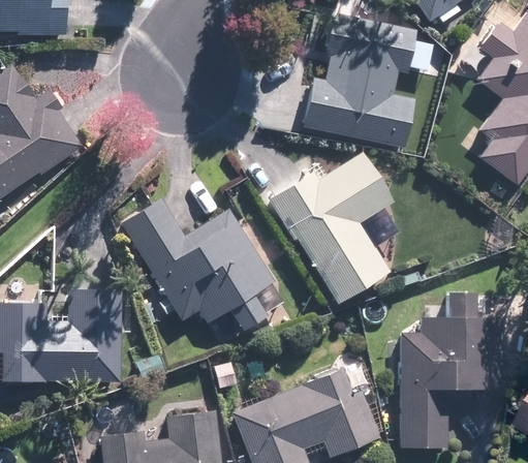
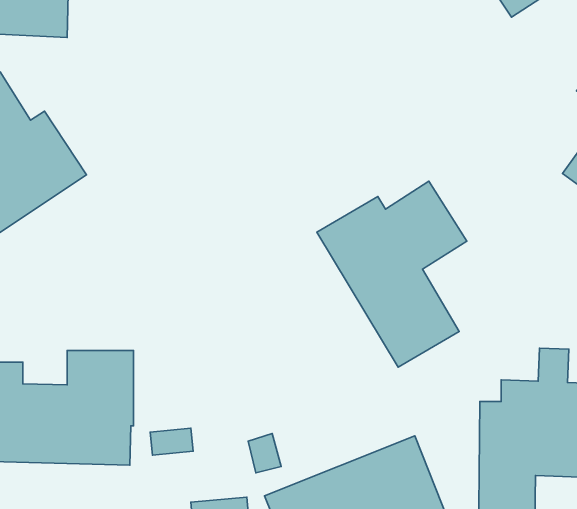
building: [305,13,415,149] -> none
building: [120,196,275,327] -> none

